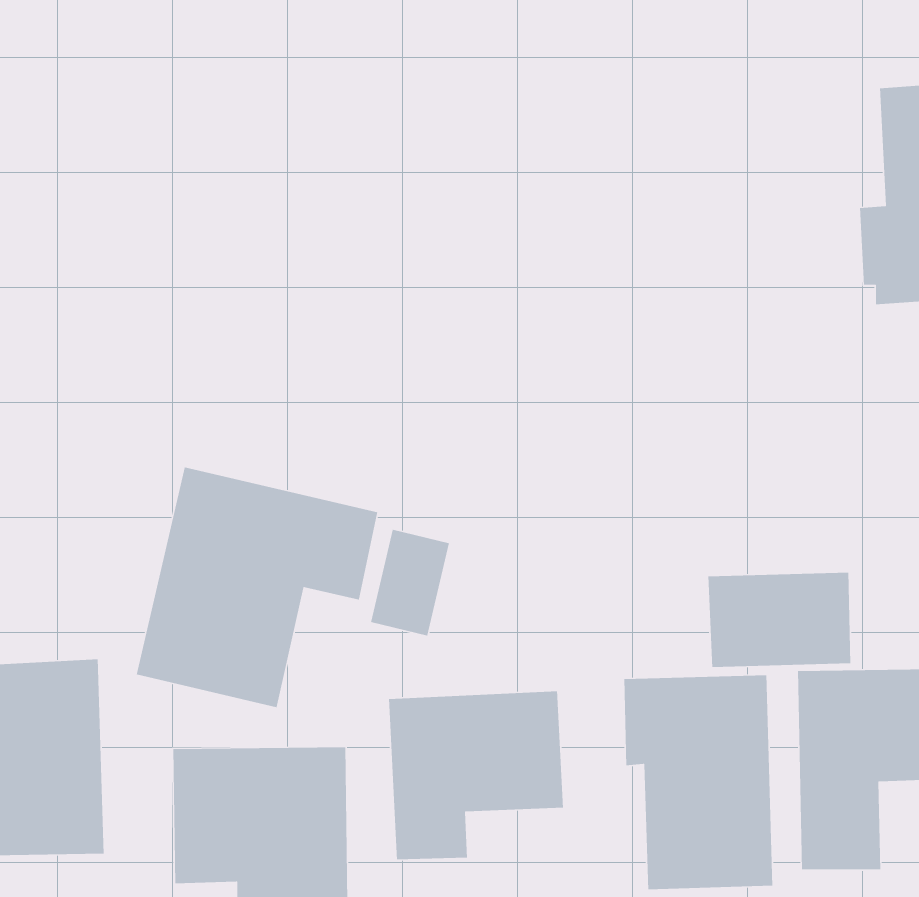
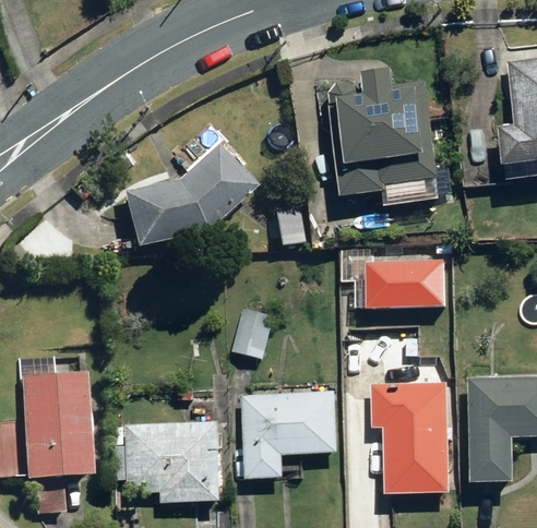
building: none -> [332,71,435,204]
building: none -> [122,141,254,244]
building: [136,467,378,708] -> none
building: [707,572,851,668] -> [365,255,443,308]

